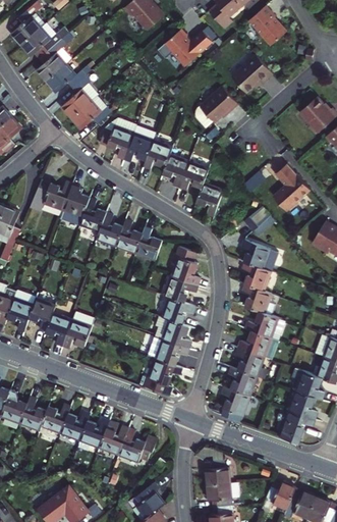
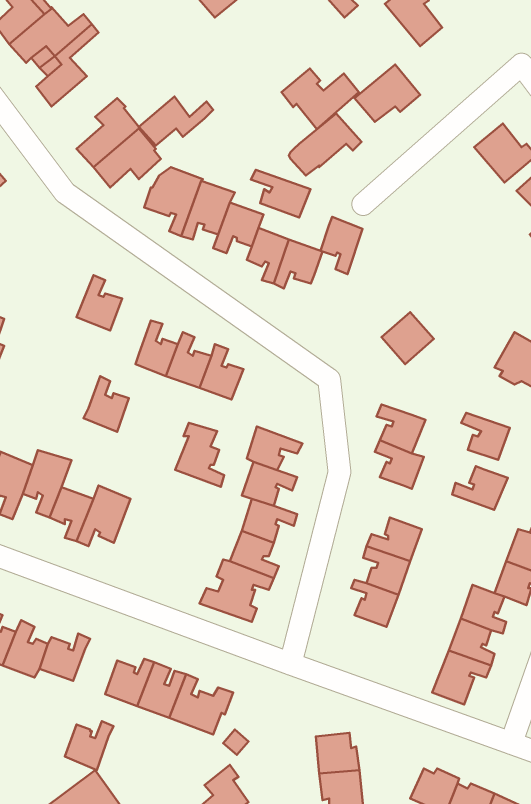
building: [162,28,209,64] -> [281,69,359,129]
building: [46,64,91,94] -> [139,97,213,145]
building: none -> [251,170,310,218]
building: [274,161,310,206] -> none
building: [27,180,71,210] -> none
building: [198,185,223,219] -> [320,217,363,274]
building: [78,199,106,232] -> [83,376,129,432]
building: [241,241,271,269] -> [461,413,510,460]
building: [170,248,200,286] -> [175,423,224,487]
building: [244,312,278,338] -> [452,466,508,510]
building: [219,388,248,424] -> none
building: [59,409,89,438] -> [65,721,114,770]

